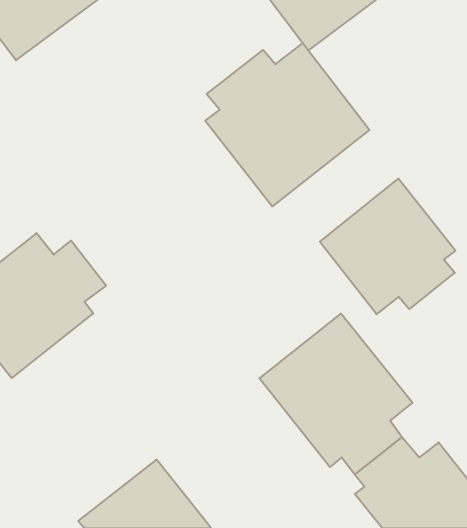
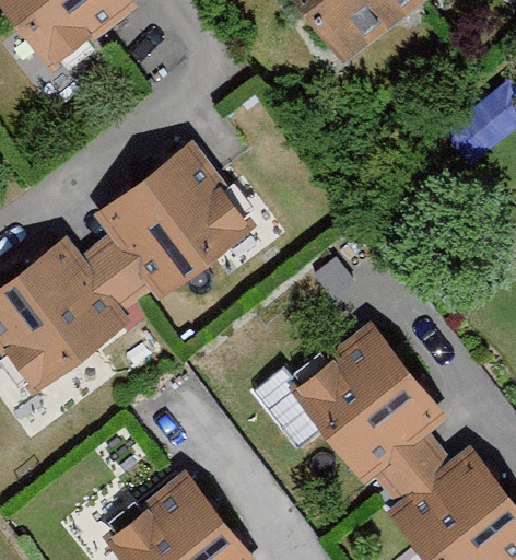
building: [205,43,369,206] -> none
building: none -> [97,145,257,301]
building: [320,179,455,314] -> none

